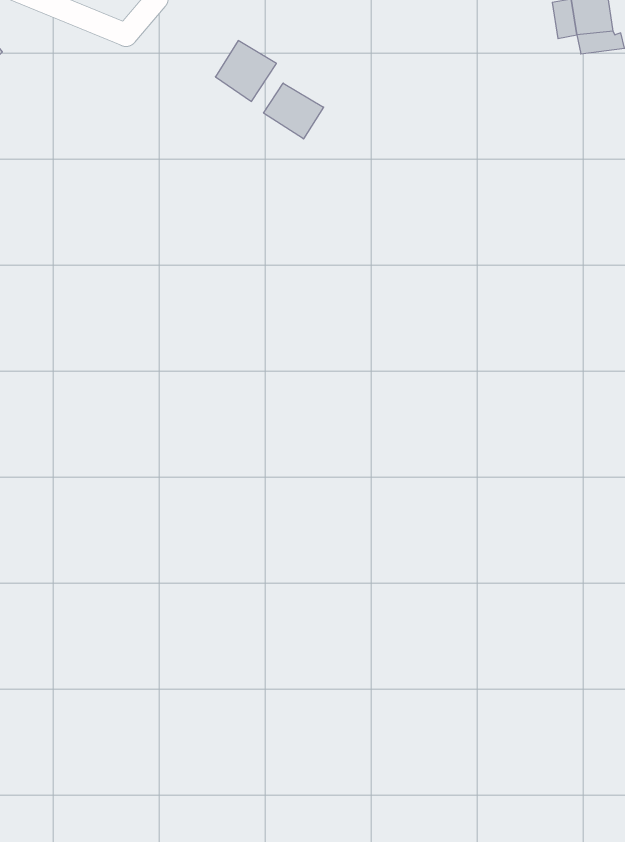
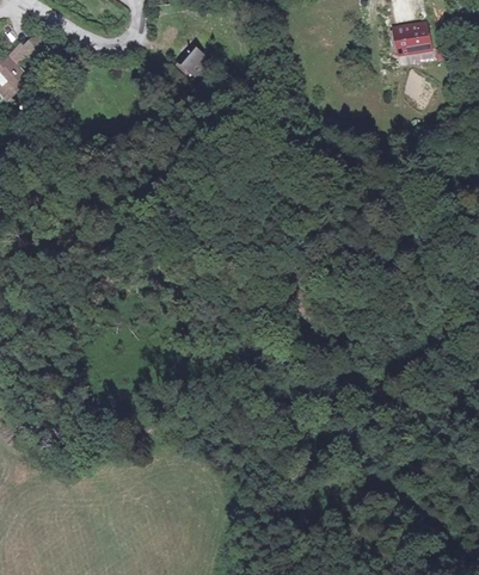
building: [264,83,324,139] -> none

